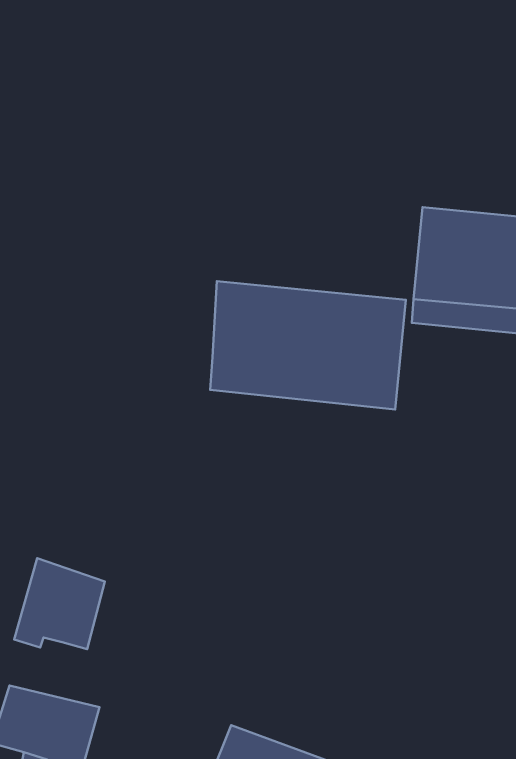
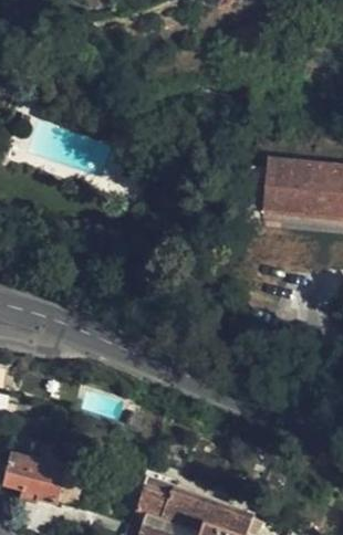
building: [210,281,406,410] -> none
building: [14,558,105,649] -> none

